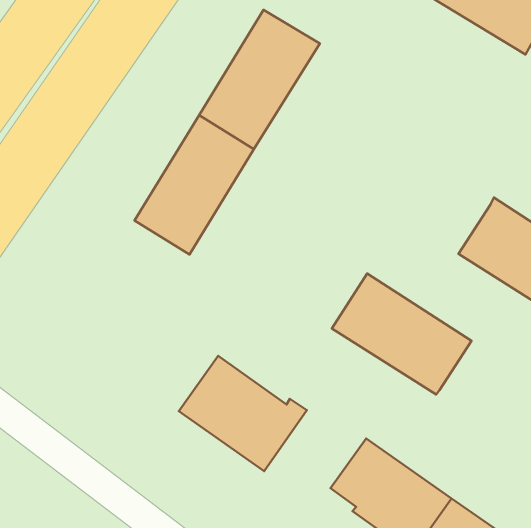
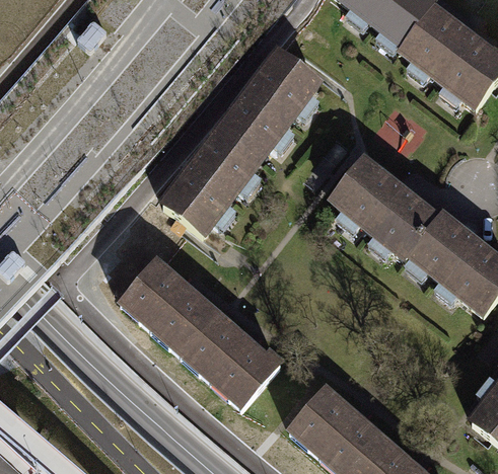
building: [332,273,471,394] -> [331,158,437,256]
building: none -> [124,260,216,352]

